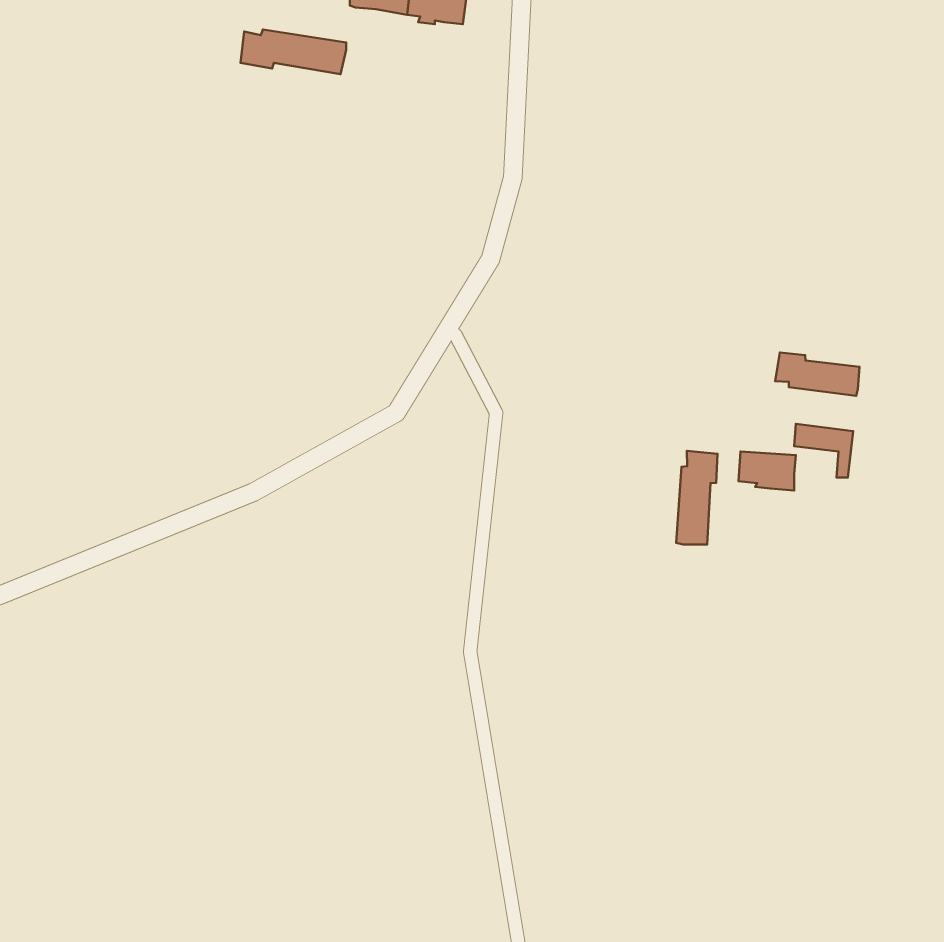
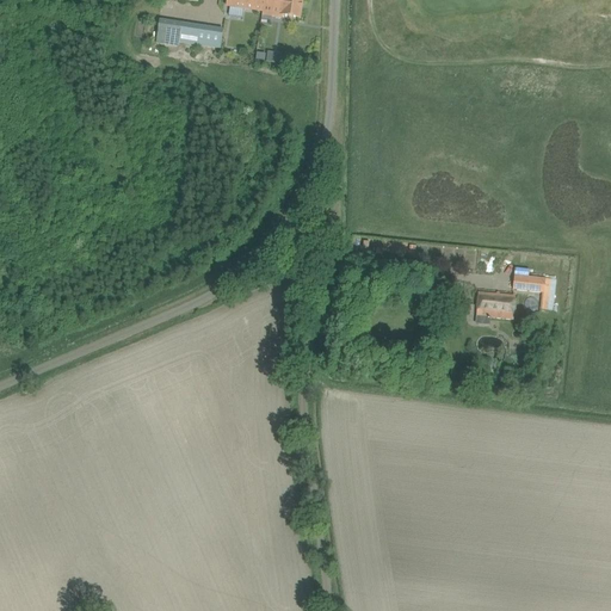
building: [775,352,859,396] -> none
building: [676,451,717,544] -> none

